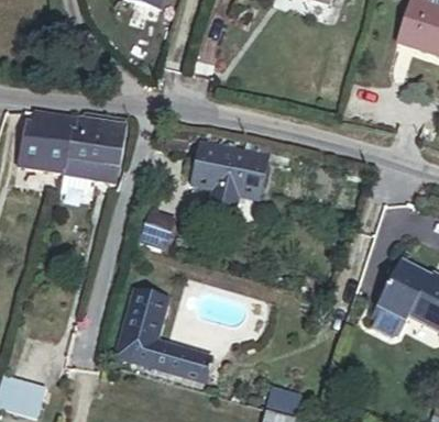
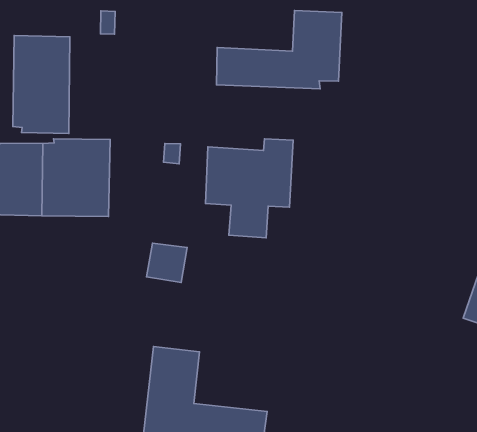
building: none -> [13,35,70,133]
building: none -> [217,11,342,89]

